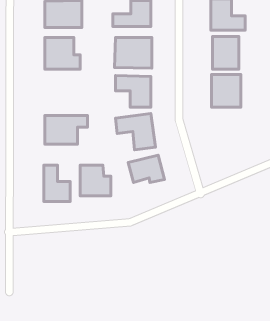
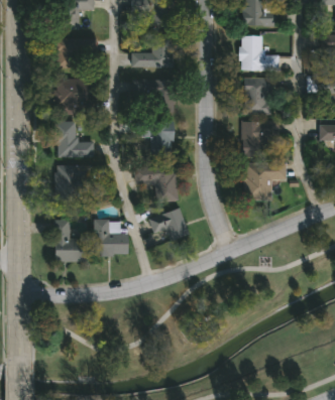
building: none -> [55,121,94,157]
building: none -> [244,163,287,201]

